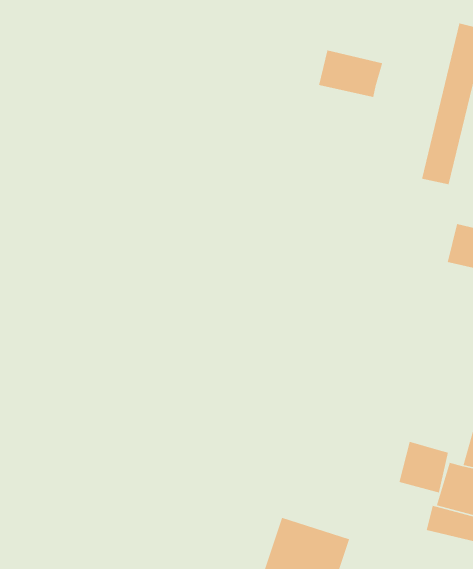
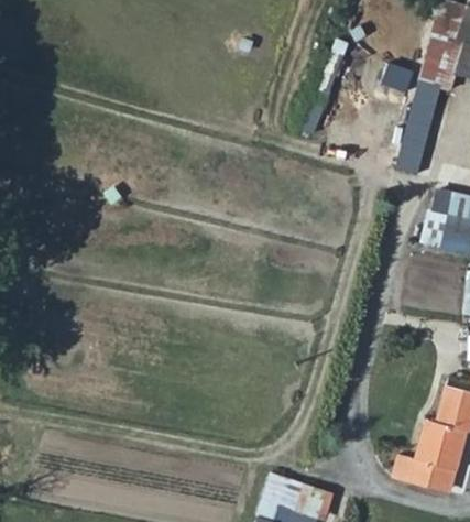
building: [318,49,383,98] -> none
building: [398,441,449,493] -> none

